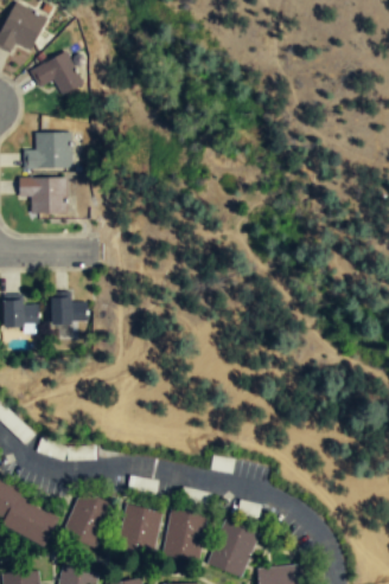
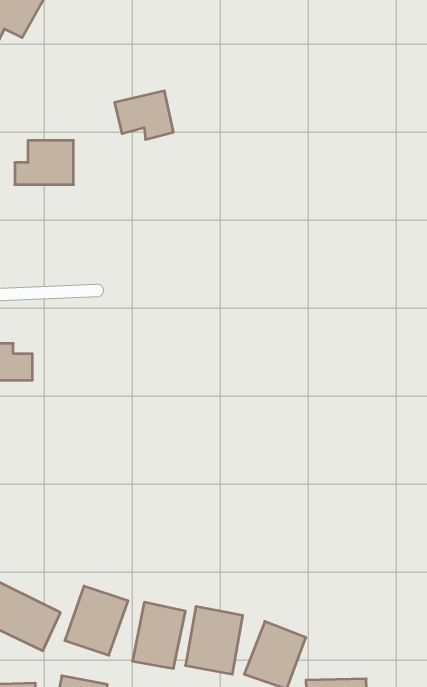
building: [32,53,79,92] -> [115,91,173,139]
building: [18,177,66,213] -> none
building: [51,297,87,325] -> none

